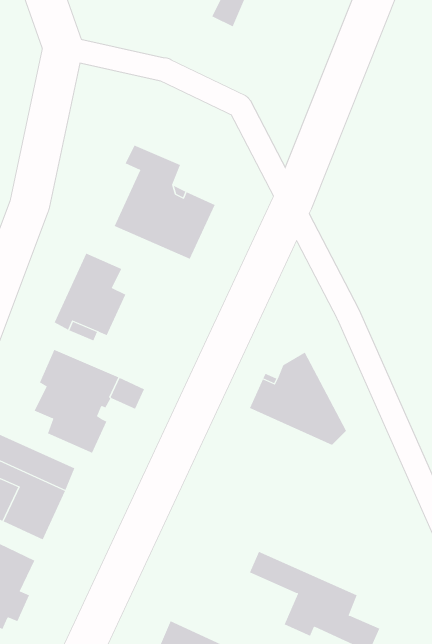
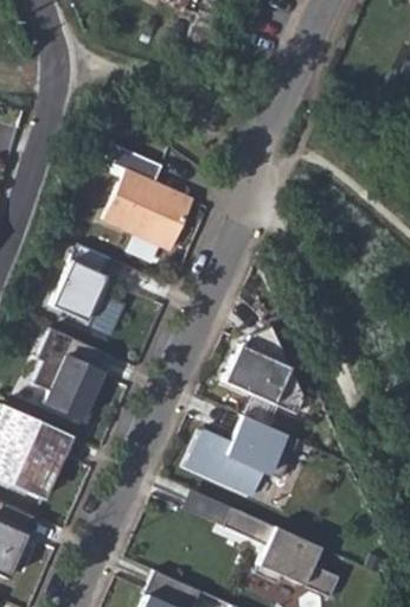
building: none -> [185,415,299,497]

